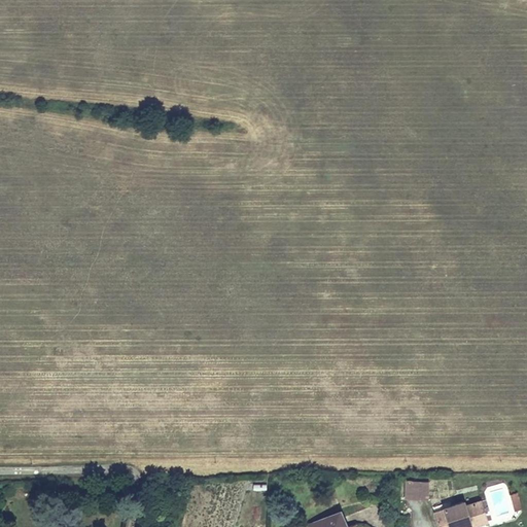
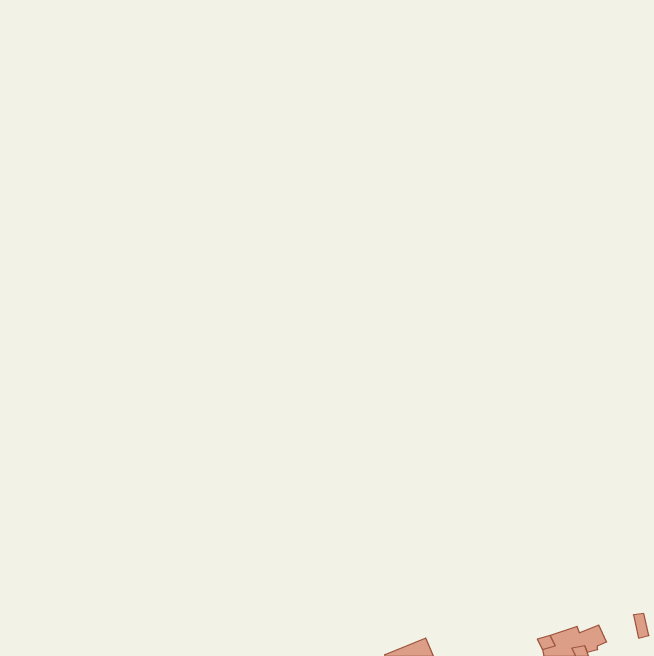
building: [406,483,430,498] -> none

